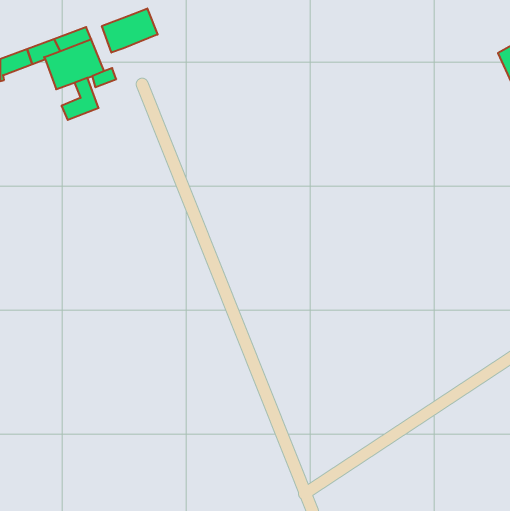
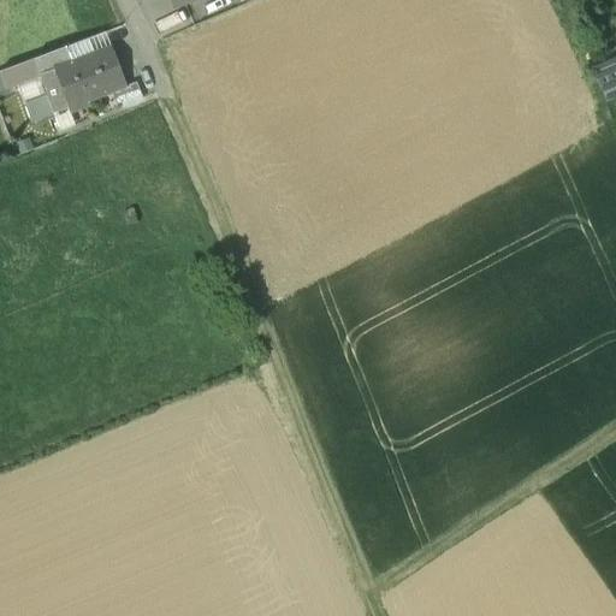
building: [102,8,158,53] -> none
building: [61,78,99,120] -> [25,71,70,122]

